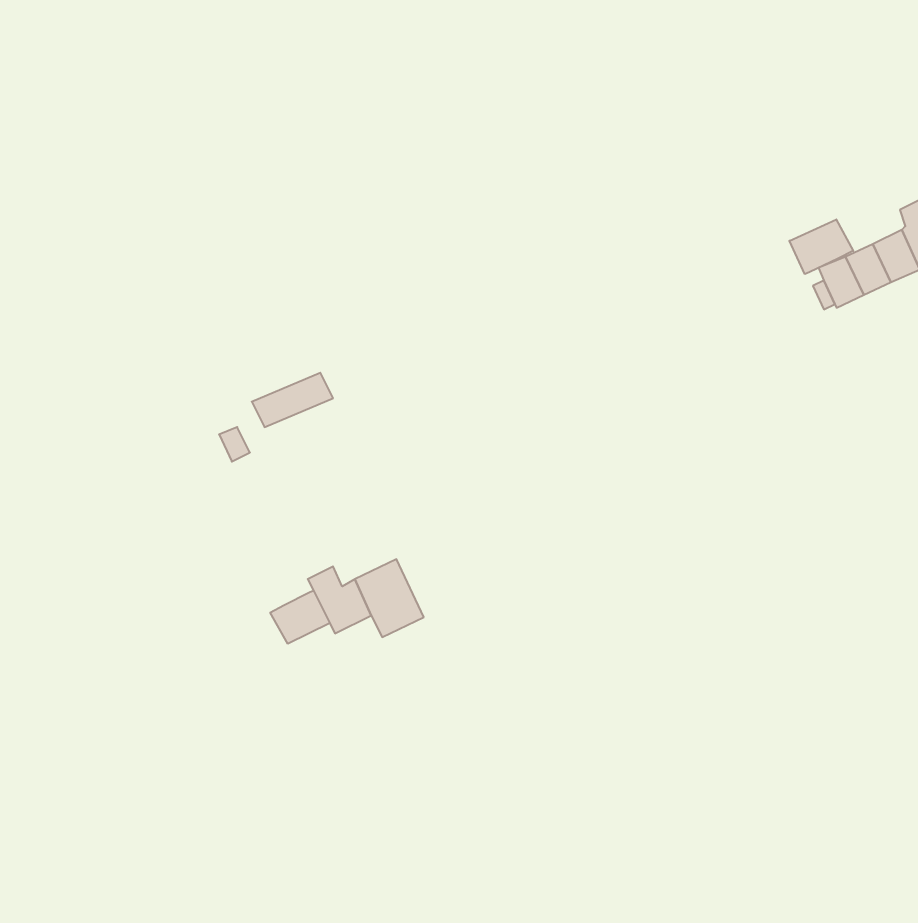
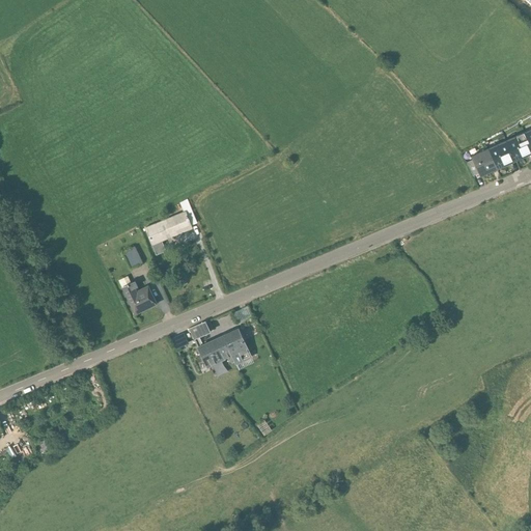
building: [789,219,853,274] -> none
building: none -> [125,280,160,313]
building: [270,590,330,644] -> none

